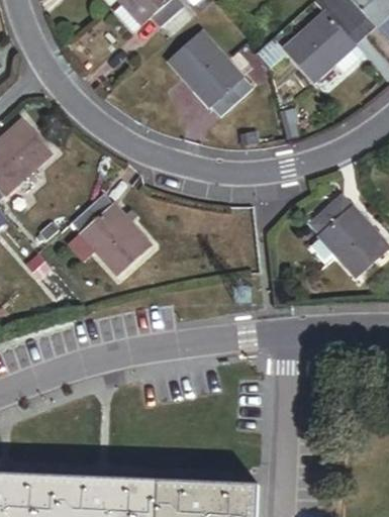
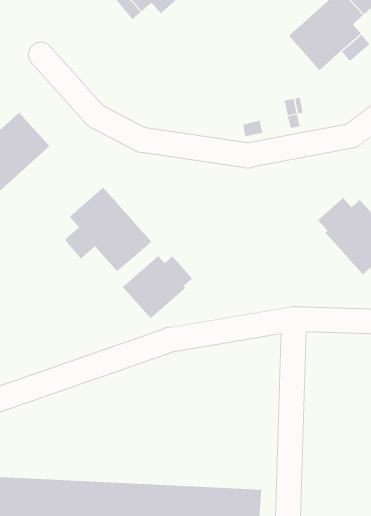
building: [169,30,252,117] -> none
building: none -> [122,255,193,319]

